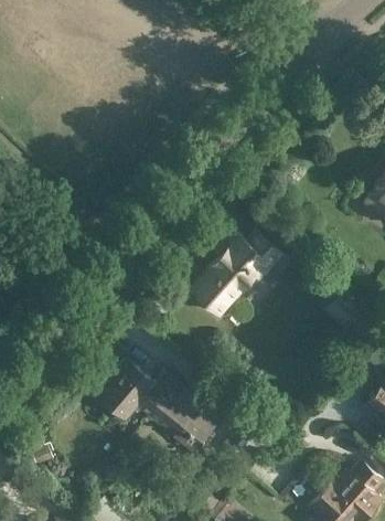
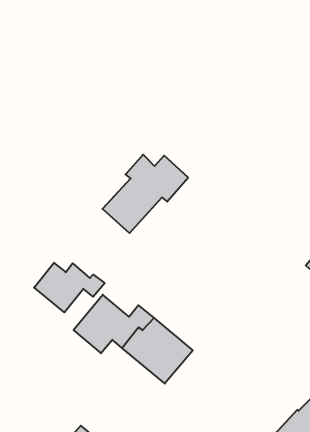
building: [192,233,282,316] -> [102,155,188,233]
building: none -> [34,263,105,312]

